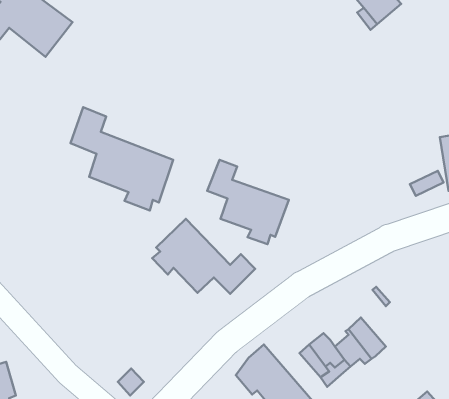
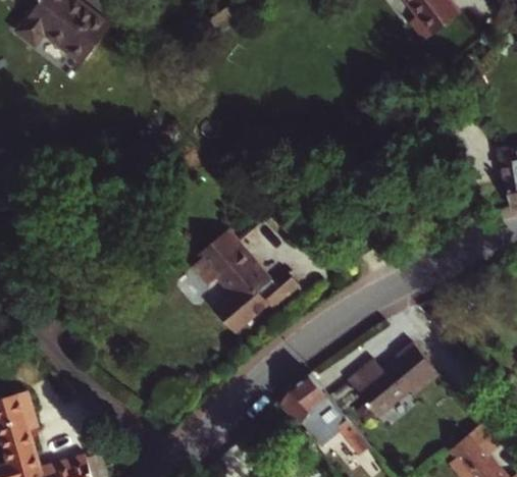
building: [70,107,173,211] -> none
building: [207,160,289,244] -> none

